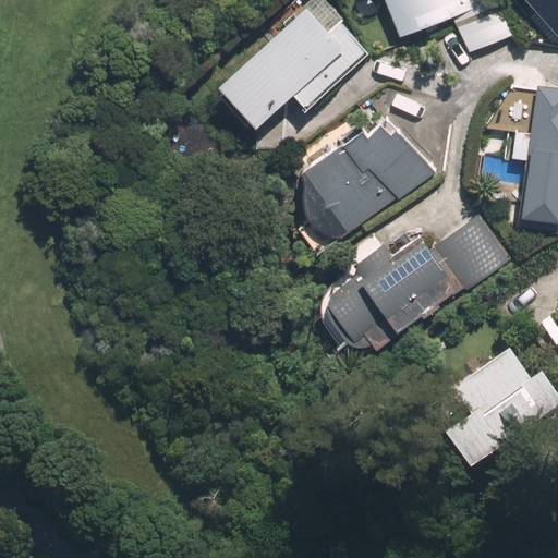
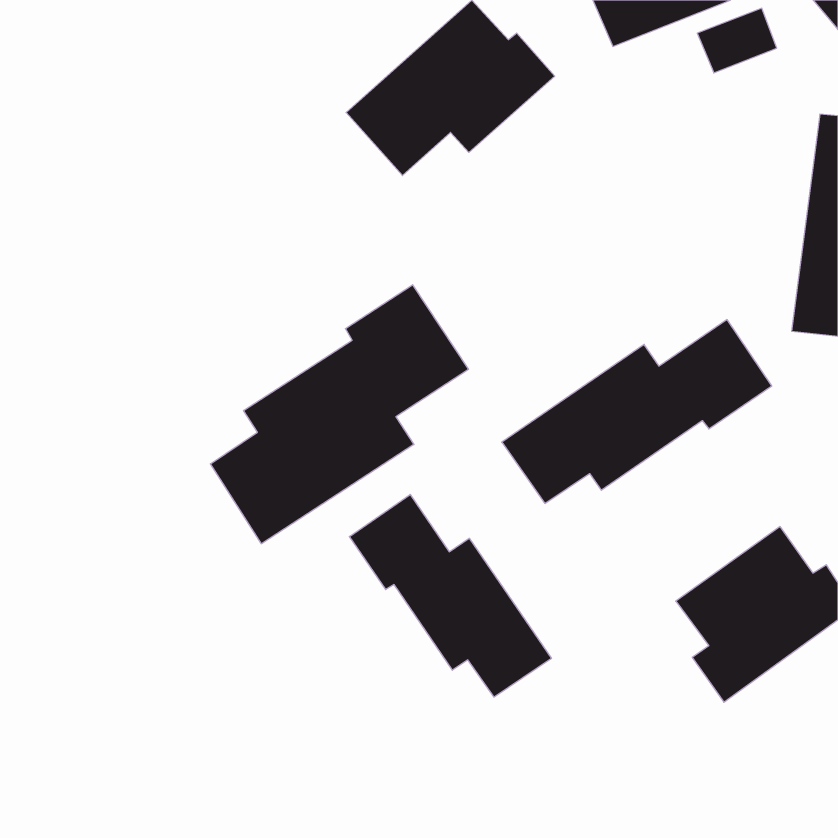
building: [299,128,435,239] -> none
building: none -> [210,285,468,544]
building: none -> [349,494,551,697]

